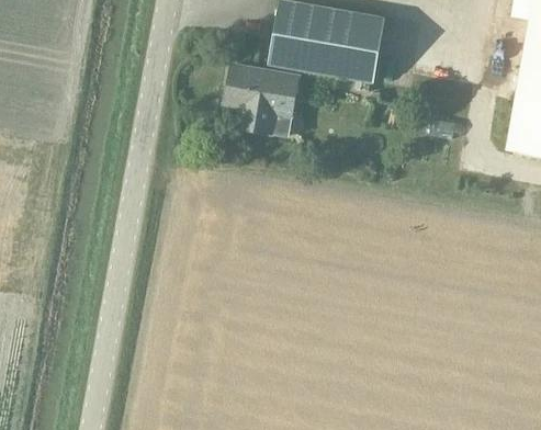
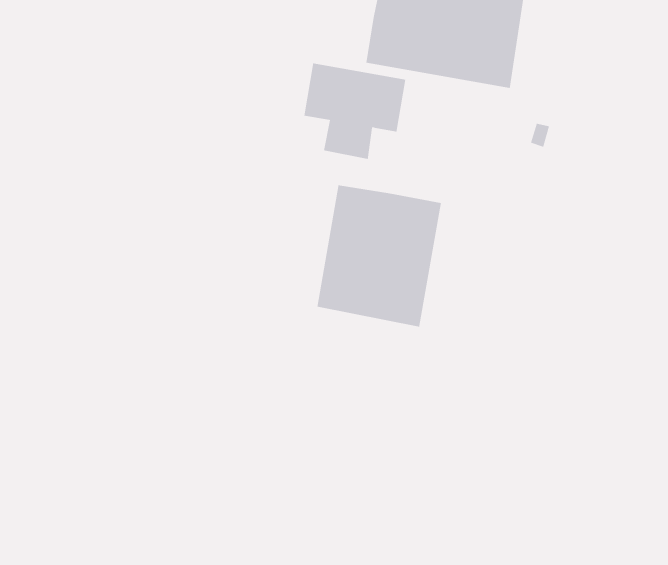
building: none -> [317,185,442,327]

